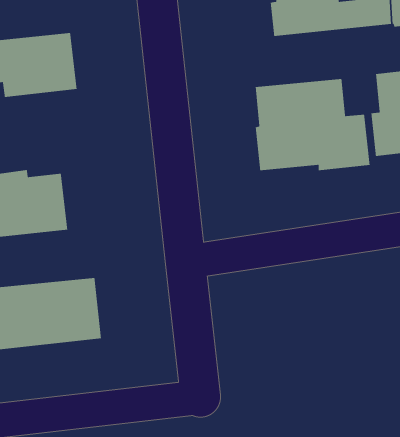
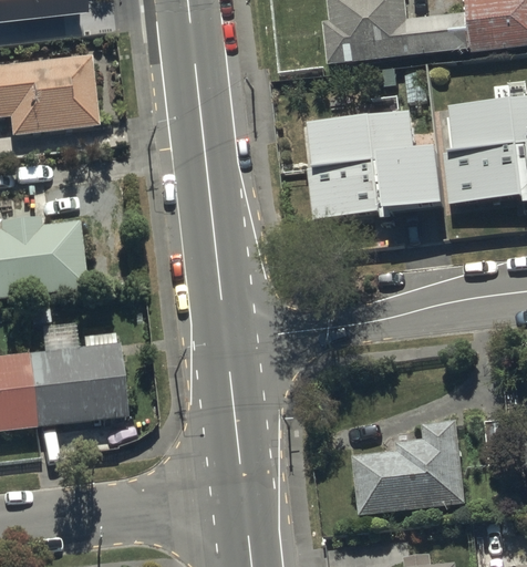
building: none -> [353,420,464,511]

